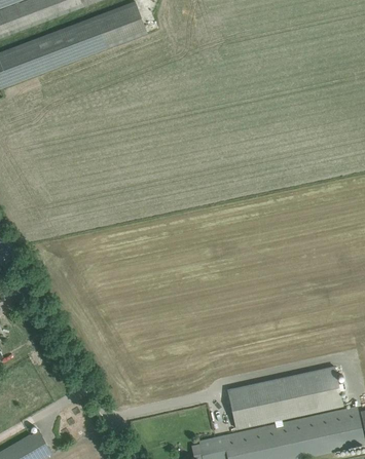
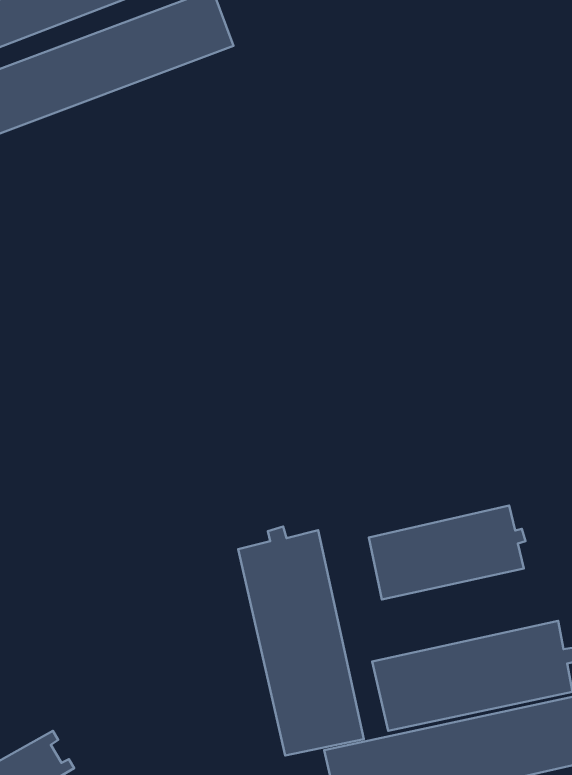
building: none -> [369,505,526,600]
building: none -> [238,526,364,755]

